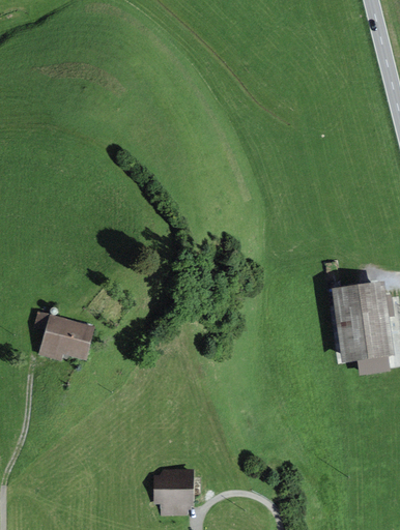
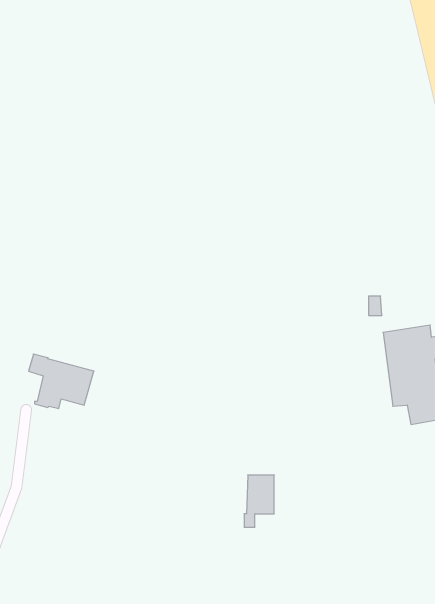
building: [163,470,189,514] -> [244,475,274,527]

